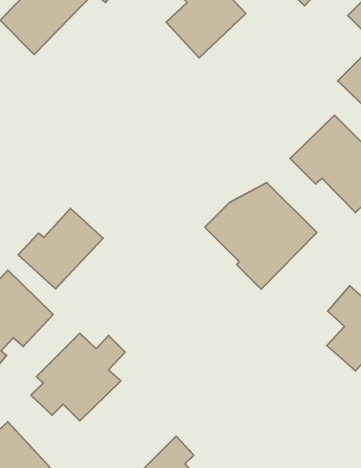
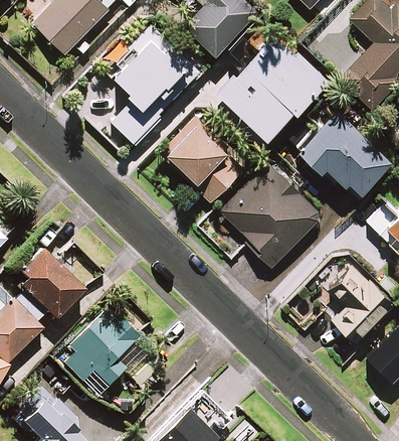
building: none -> [110,25,201,144]
building: none -> [219,33,329,139]
building: none -> [167,122,244,202]
building: [18,208,103,289] -> none

